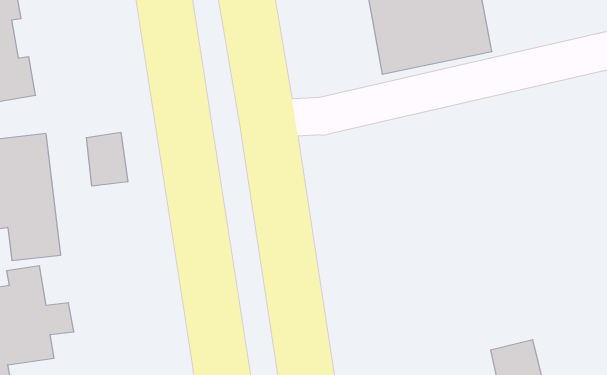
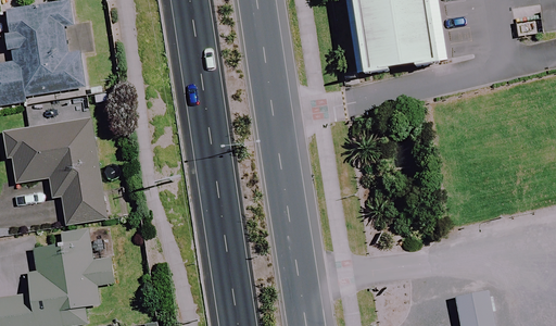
building: [86,132,128,186] -> none

